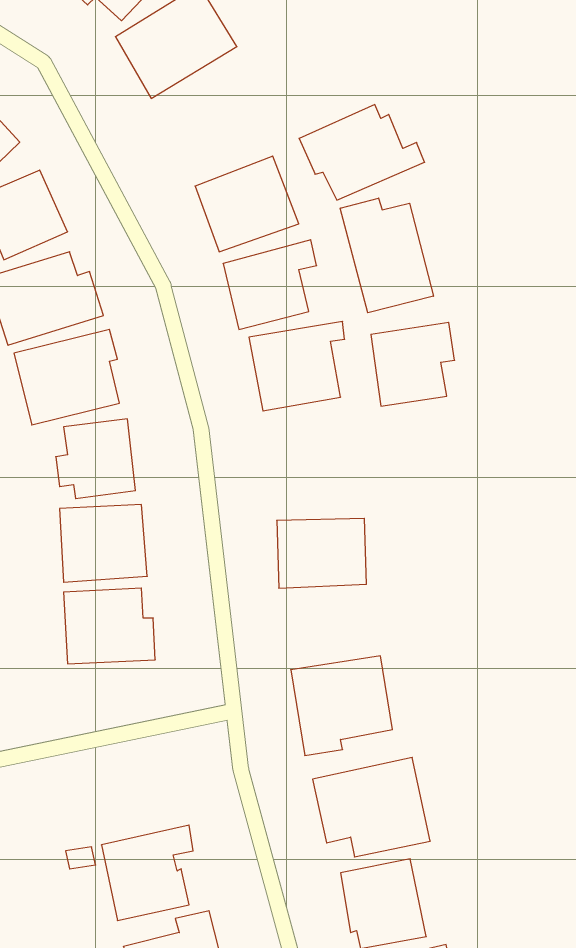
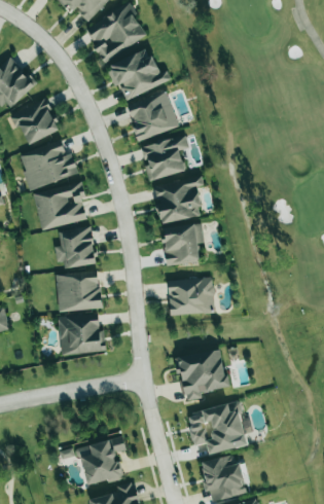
building: [299,105,425,200] -> [107,50,172,100]
building: [340,198,433,313] -> none
building: [371,322,455,406] -> [161,223,205,266]

